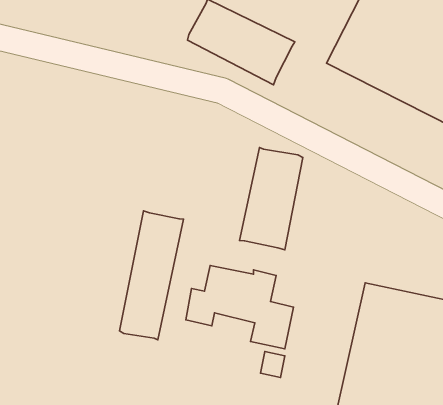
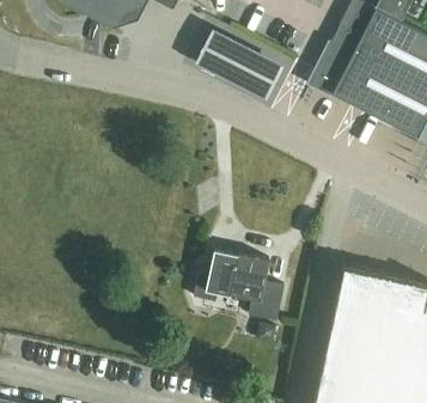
building: [240,148,303,250] -> none
building: [119,211,183,340] -> none

